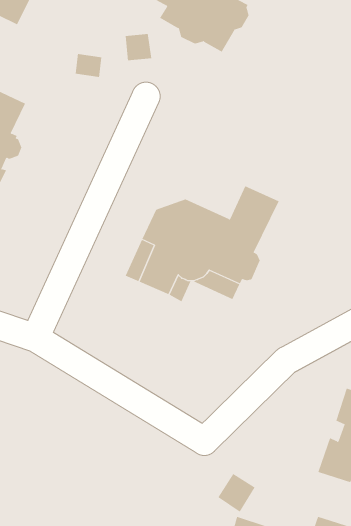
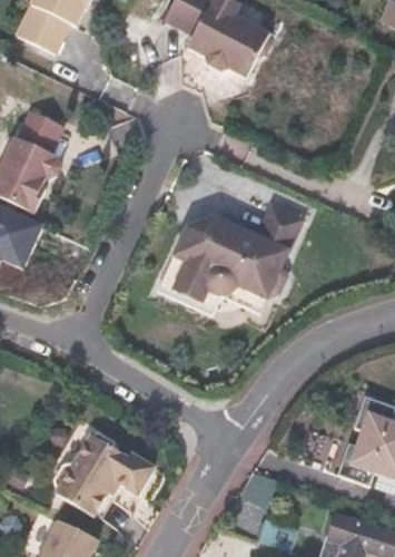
building: none -> [55,434,155,516]

